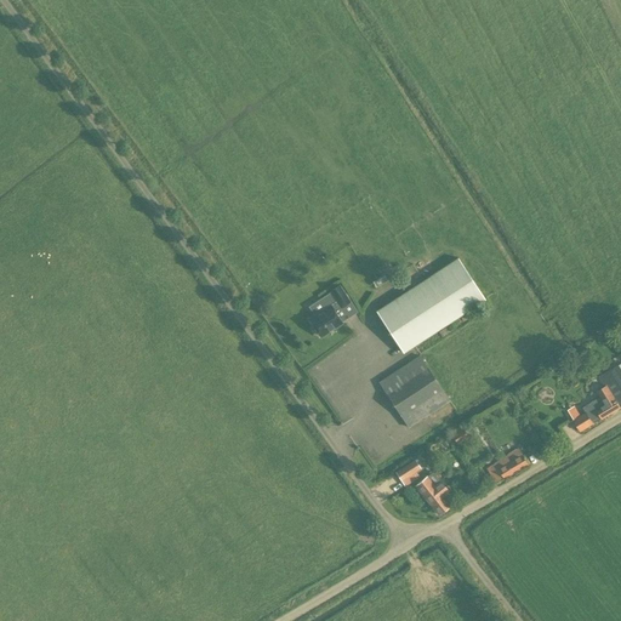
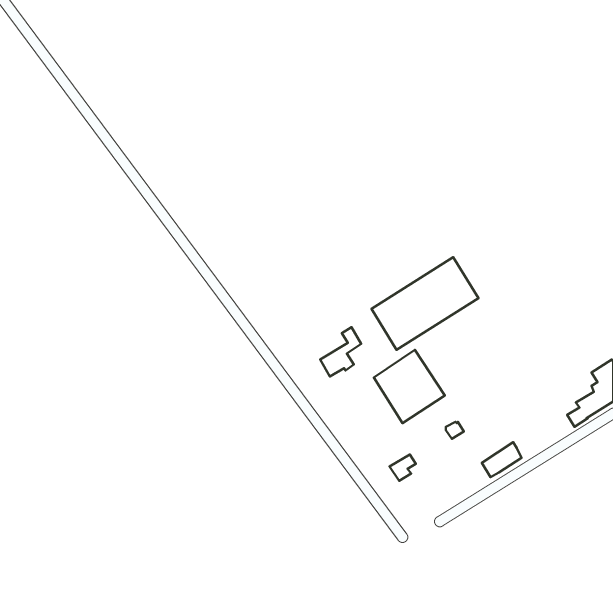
building: [307,285,348,335] -> [320,327,361,376]
building: [414,475,449,513] -> none

